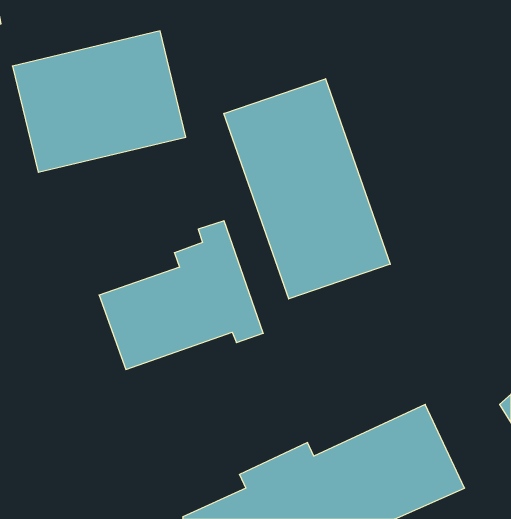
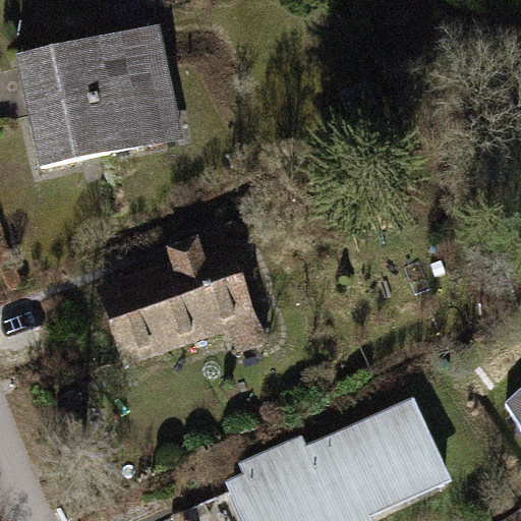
building: [224,79,390,299] -> none

